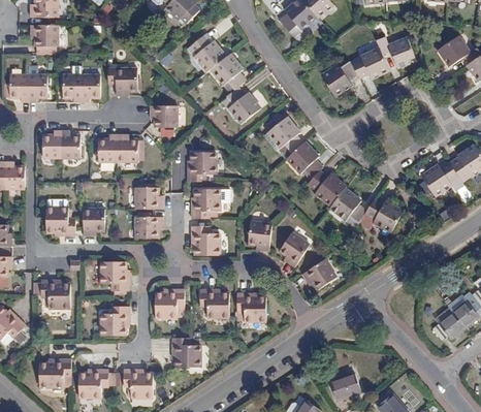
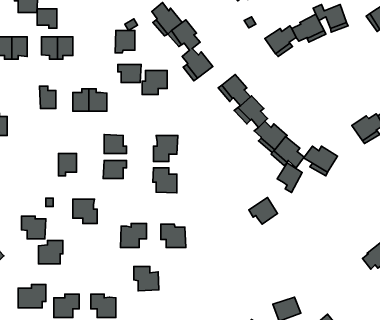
building: none -> [37,9,57,28]
building: [115,67,137,93] -> [115,30,135,53]
building: [43,130,62,156] -> none
building: [188,153,217,181] -> [142,70,167,95]
building: [44,205,73,233] -> none
building: [248,220,271,250] -> none
building: [279,232,308,266] -> [277,163,302,192]
building: [235,292,265,320] -> none
building: [99,308,127,335] -> [39,240,63,264]

